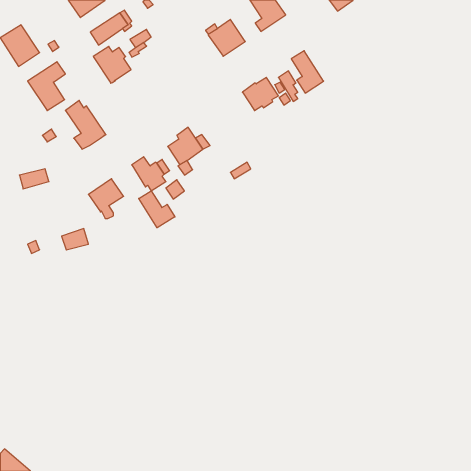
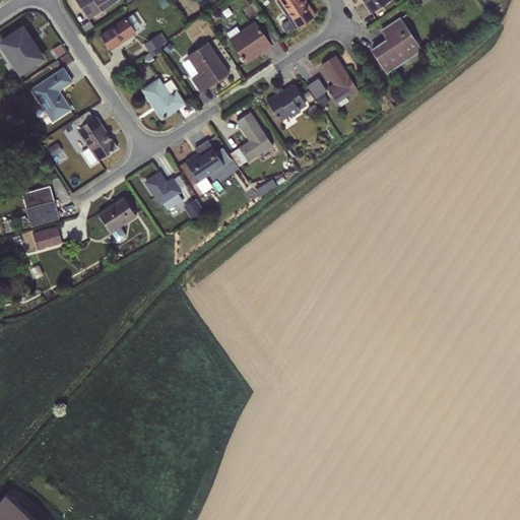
building: none -> [372,18,420,72]
building: none -> [187,43,229,92]
building: [93,46,131,83] -> [142,78,184,119]
building: none -> [230,113,272,167]
building: none -> [25,200,59,226]
building: [139,191,175,228] -> none
building: [62,229,88,250] -> [32,225,62,249]

